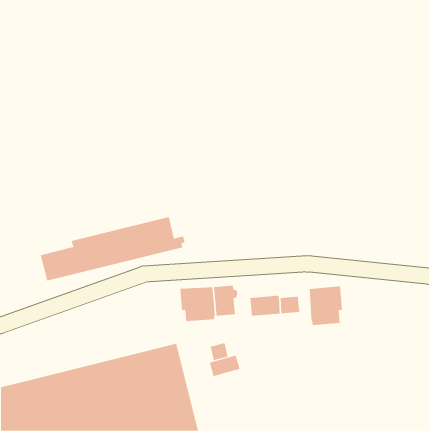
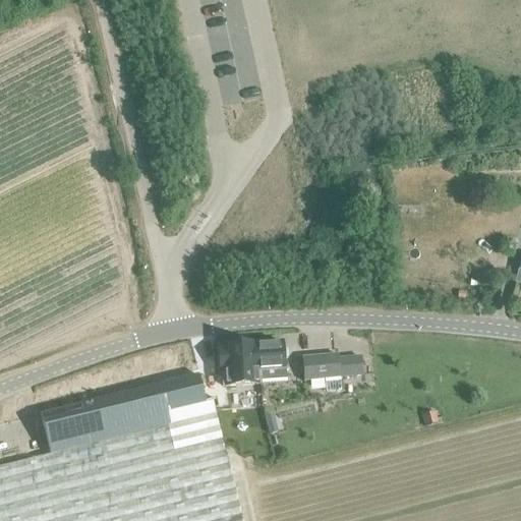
building: [40,216,186,281] -> [43,377,219,455]
building: [309,285,342,326] -> none
building: [209,355,240,377] -> none

